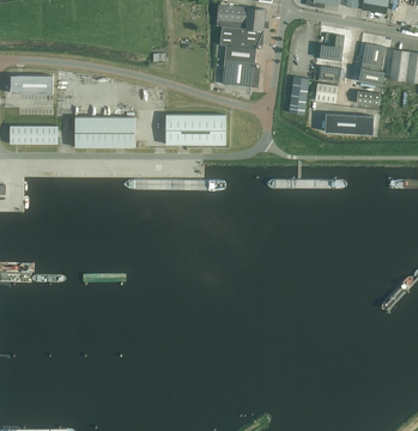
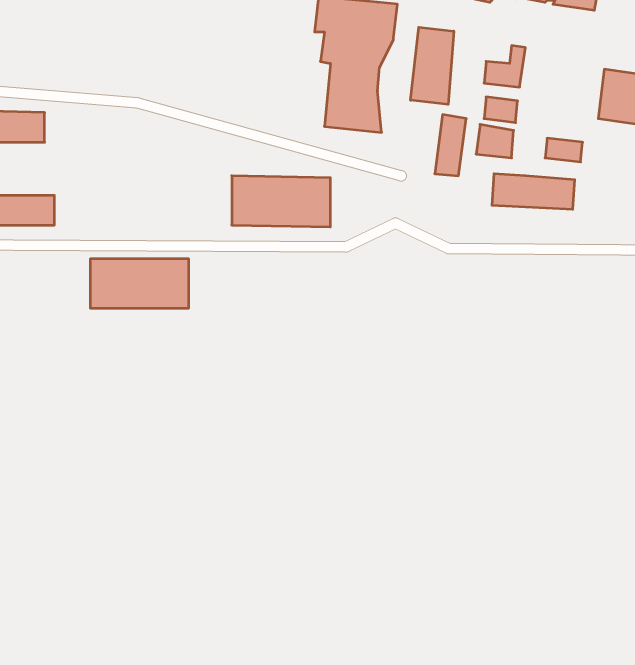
building: none -> [411,27,454,104]
building: [358,43,384,86] -> none
building: [74,117,134,147] -> [90,259,189,308]

